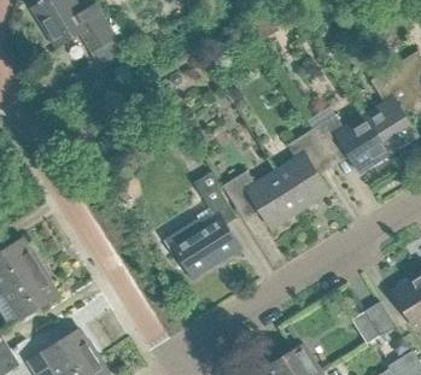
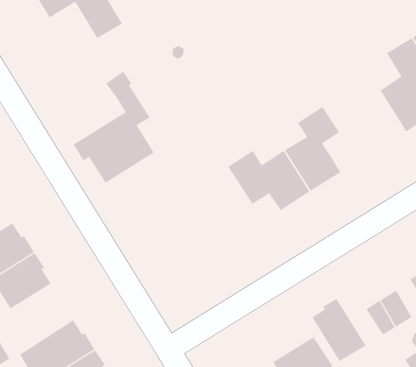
building: [311,115,388,171] -> none
building: [163,171,239,276] -> [73,71,154,183]
building: none -> [311,298,367,362]

